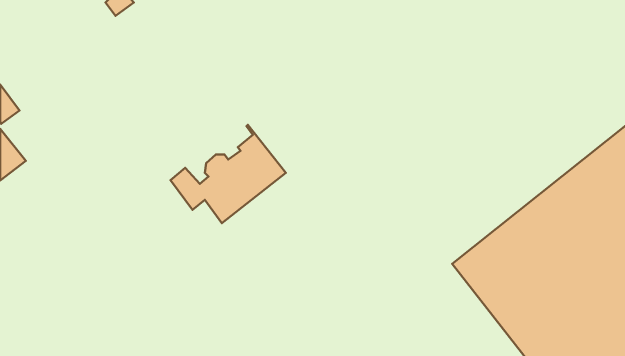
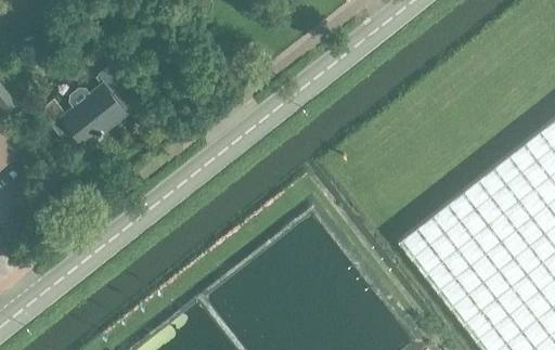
building: [170,125,286,223] -> [40,62,142,148]

